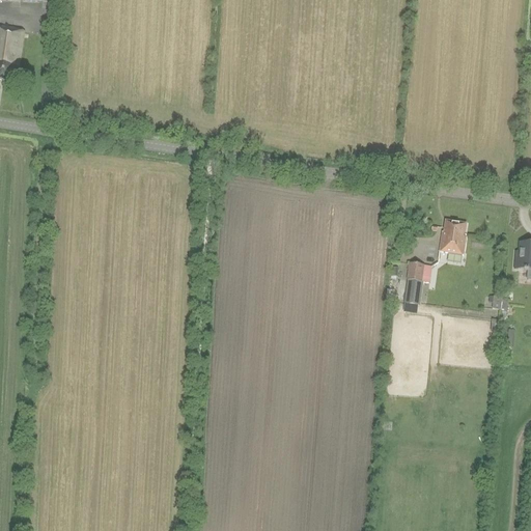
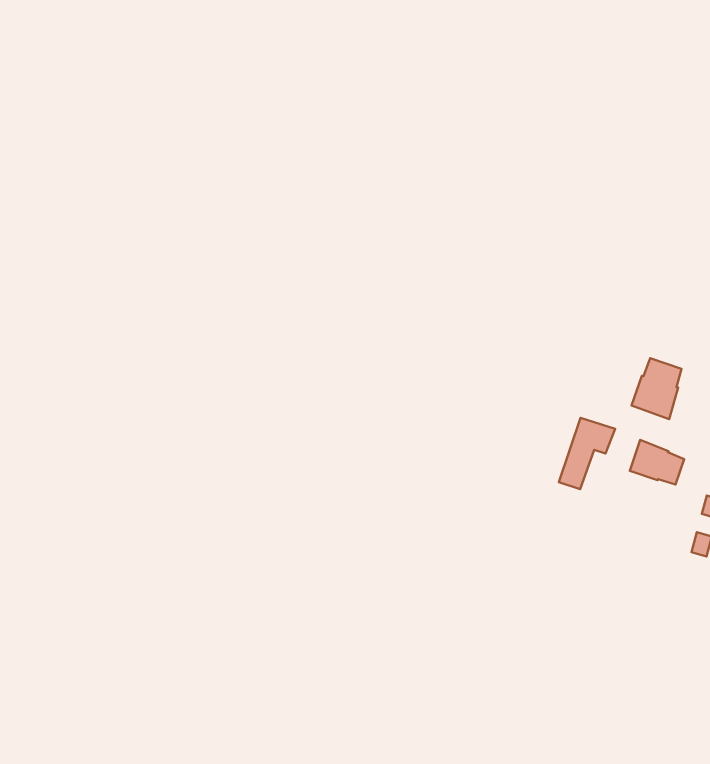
building: none -> [630,440,684,485]

